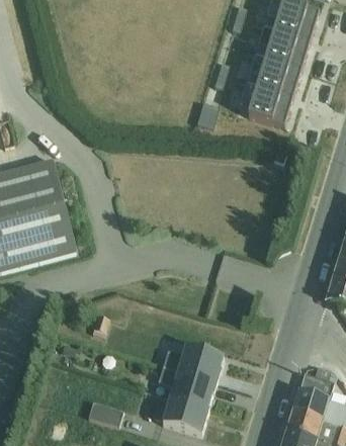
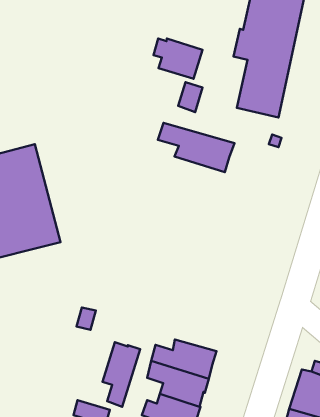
building: none -> [153,38,202,79]
building: none -> [158,123,234,172]
building: none -> [103,342,140,407]

